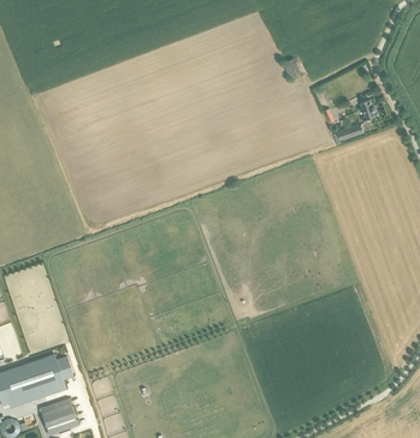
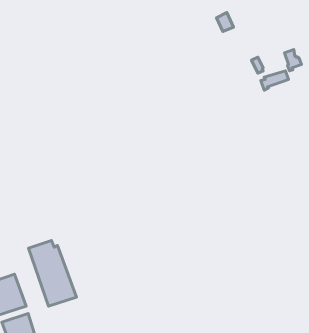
building: none -> [28,241,76,306]

